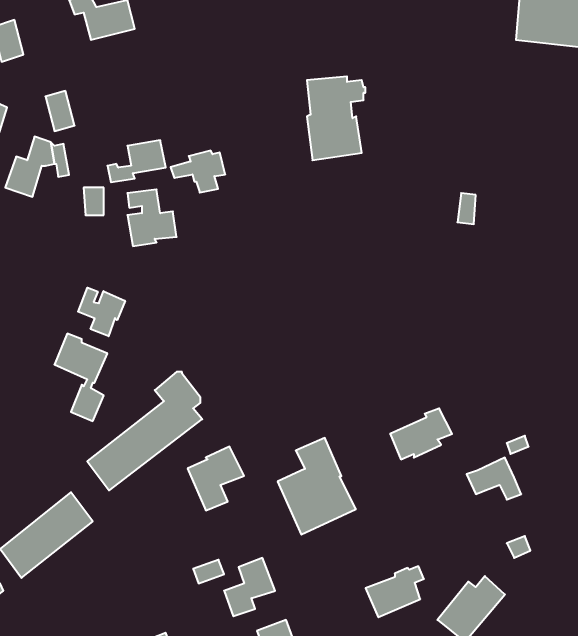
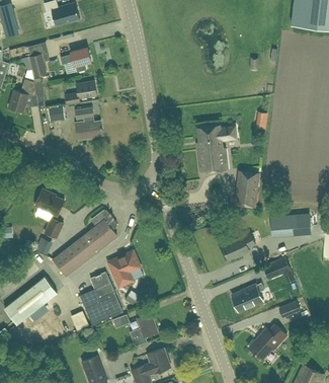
building: [307,76,365,160] -> [197,126,230,172]
building: [171,151,225,193] -> [61,49,91,72]
building: [78,288,125,336] -> none
building: none -> [235,171,259,207]
building: none -> [271,215,311,234]
building: [278,438,356,535] -> [80,271,124,324]
building: [366,566,424,617] -> [232,283,264,311]

